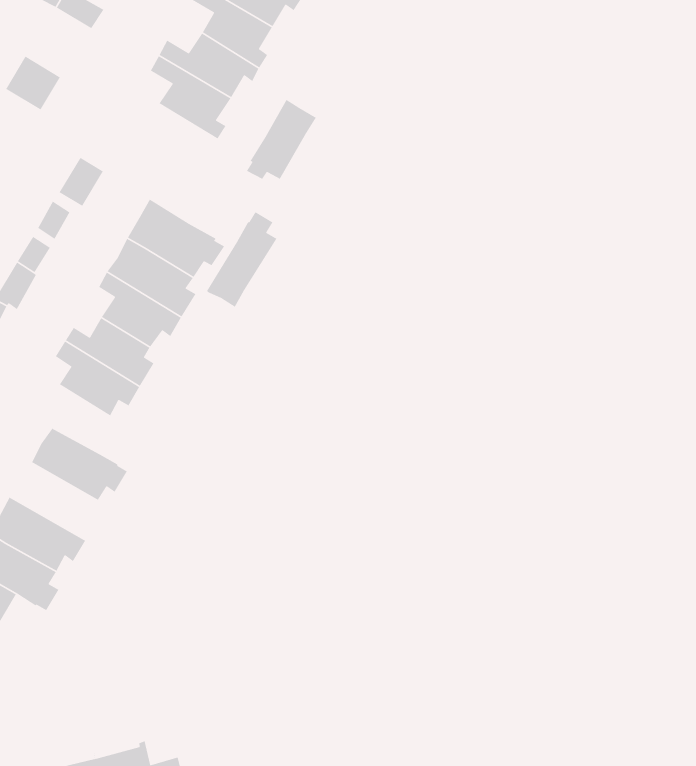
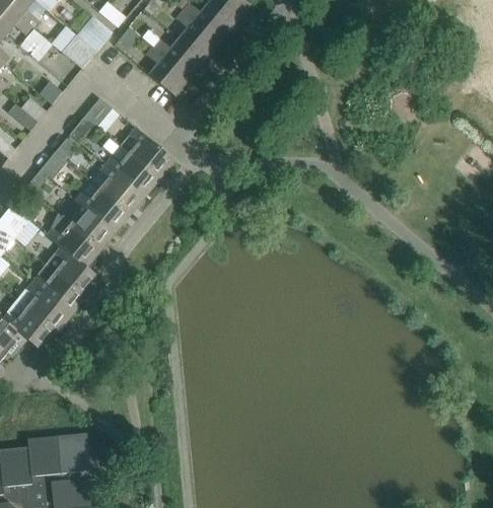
building: none -> [76,16,112,51]
building: [246,99,317,180] -> none
building: [206,211,278,308] -> none
building: none -> [46,215,94,267]
building: none -> [30,266,80,314]

